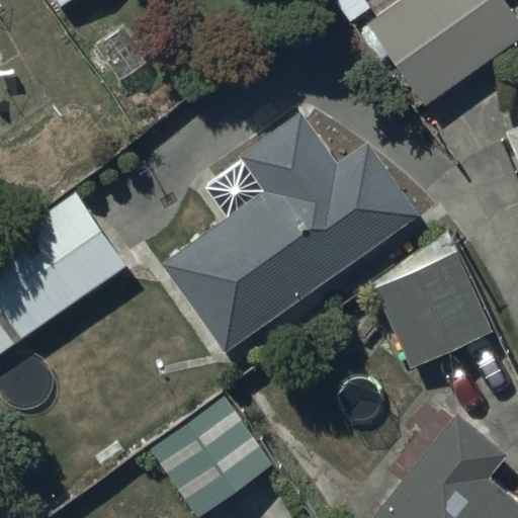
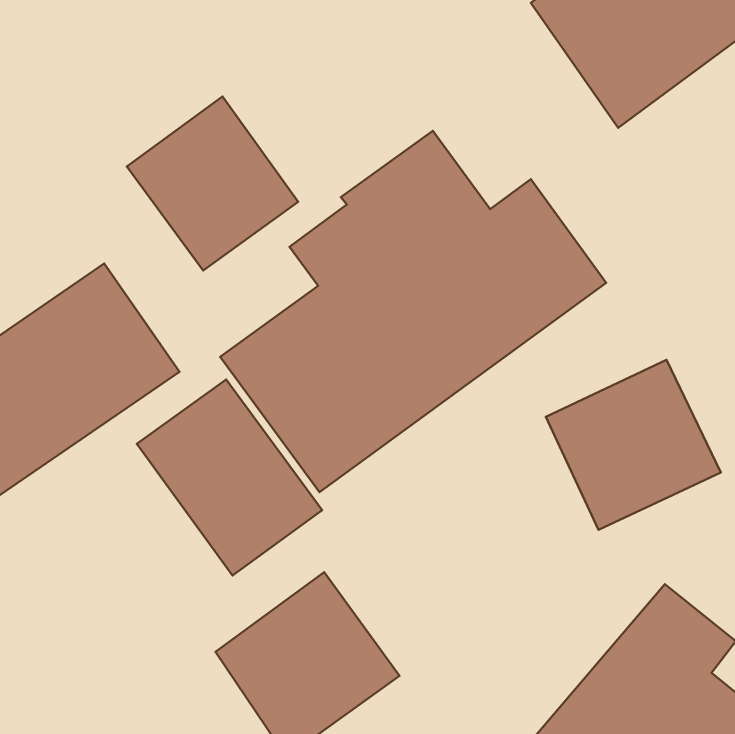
building: none -> [127,97,298,270]
building: none -> [137,380,322,576]

